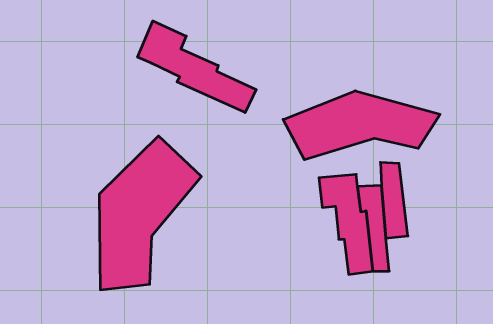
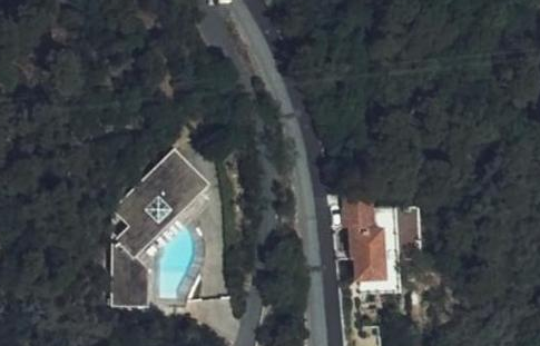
building: [138,21,256,113] -> none
building: [283,91,440,160] -> none

